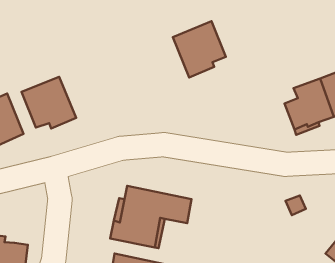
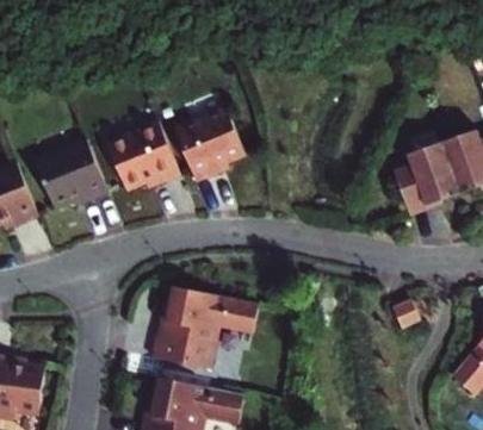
building: [173,21,226,77] -> [175,110,246,185]
building: none -> [106,123,179,191]

